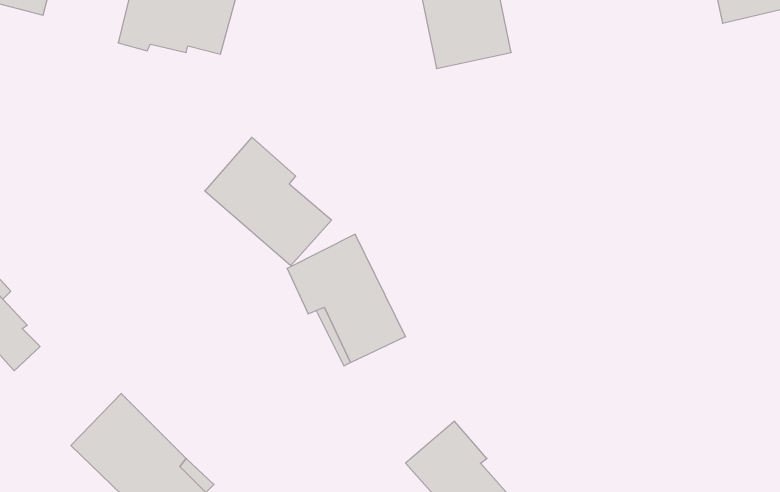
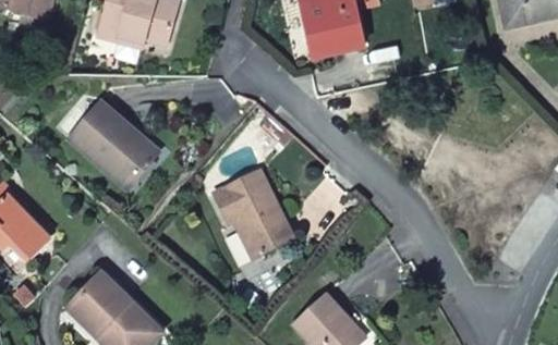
building: [205,137,331,265] -> [69,100,154,186]

